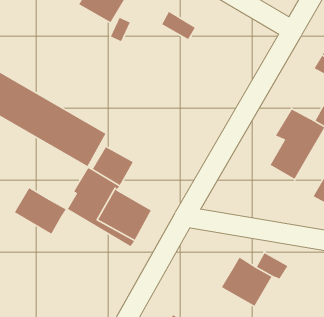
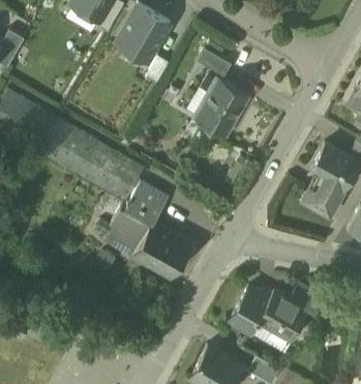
building: none -> [193,80,245,136]
building: [14,187,67,235] -> none
building: none -> [230,287,269,333]

